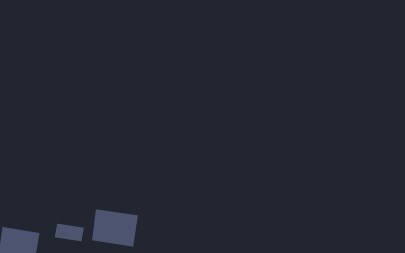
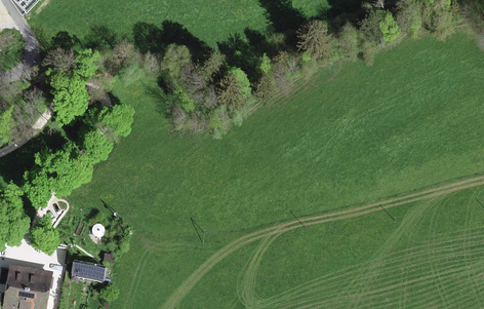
building: [91,208,139,248] -> none

